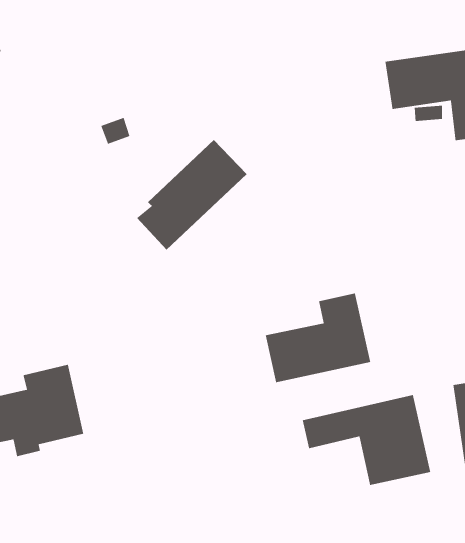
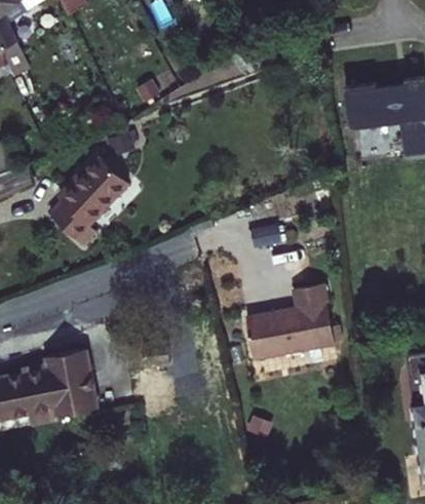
building: [136,139,248,251] -> [38,154,132,248]
building: [302,394,431,486] -> none

